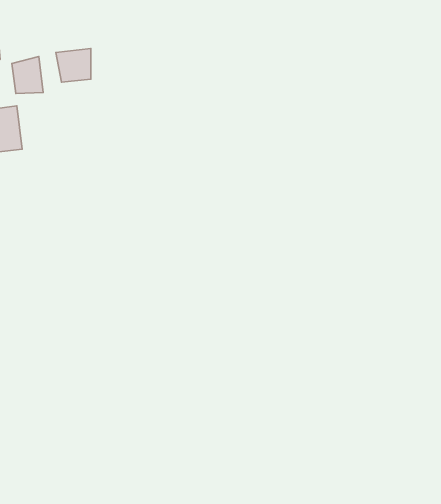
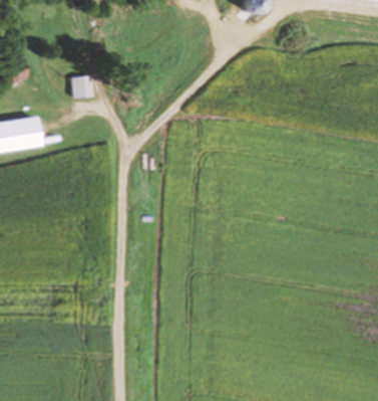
building: [12,57,43,94] -> none

